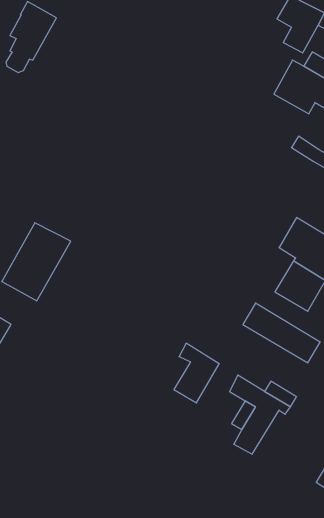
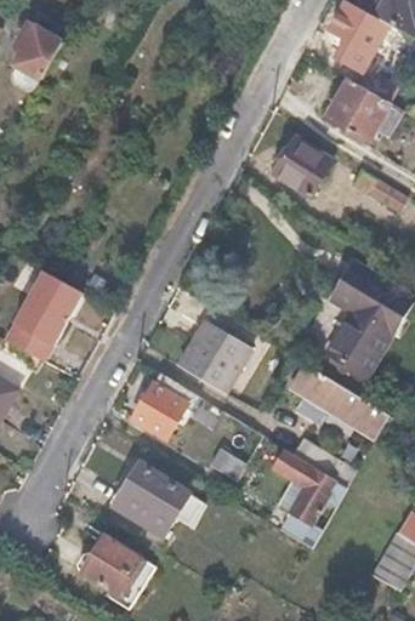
building: none -> [274,137,331,193]
building: none -> [178,324,249,393]
building: none -> [132,371,199,439]
building: none -> [113,462,191,536]
building: none -> [75,535,165,606]

